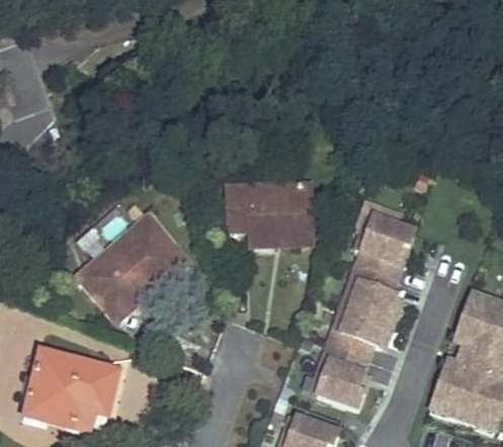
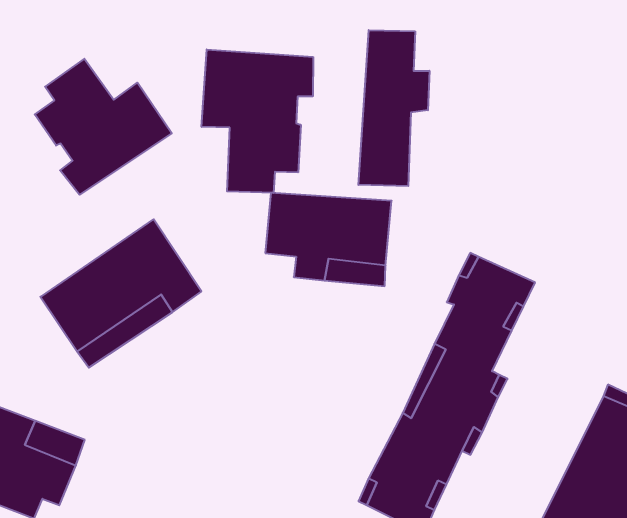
building: none -> [358,30,429,186]
building: none -> [202,49,313,193]
building: none -> [35,59,172,195]

